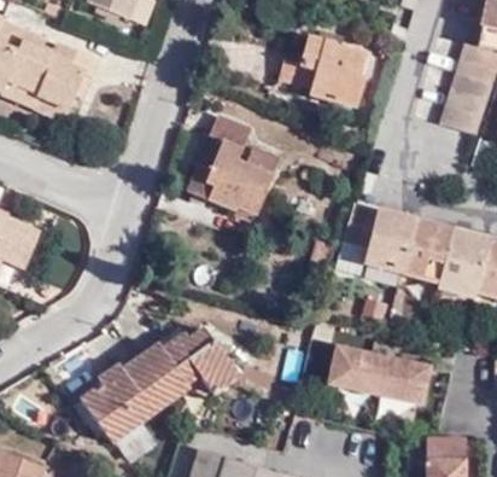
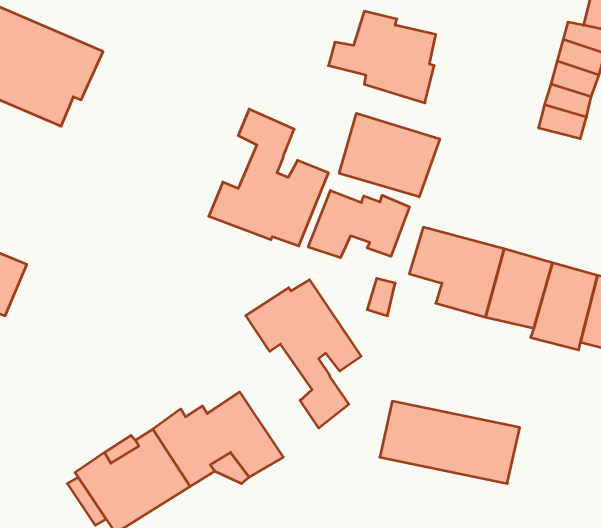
building: none -> [339,113,440,197]
building: none -> [308,190,409,258]
building: none -> [246,280,361,428]

